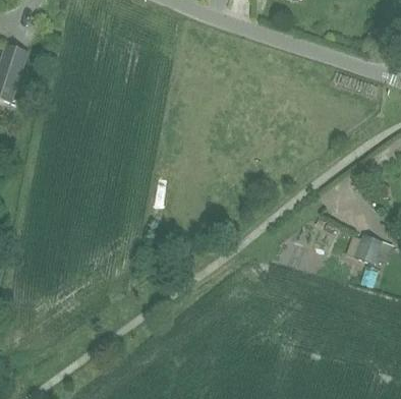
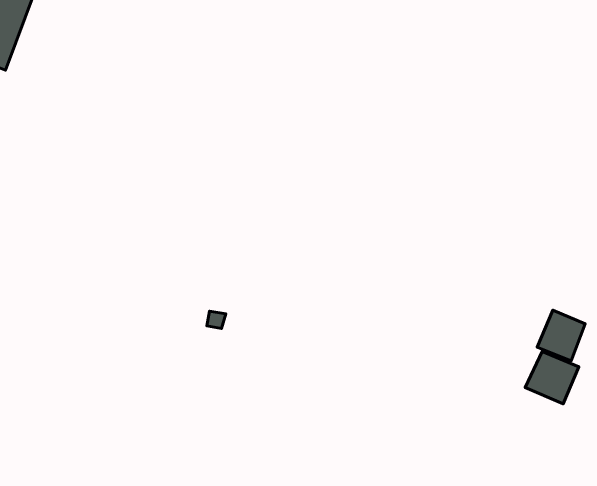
building: none -> [525,352,579,404]

